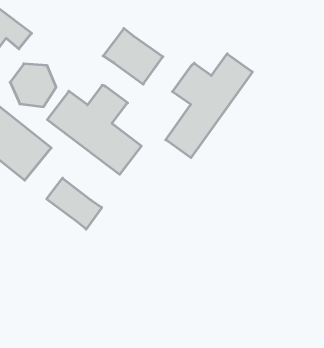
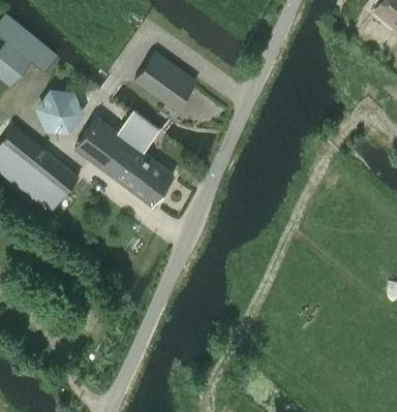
building: [166,54,252,158] -> none
building: [47,178,102,229] -> none

